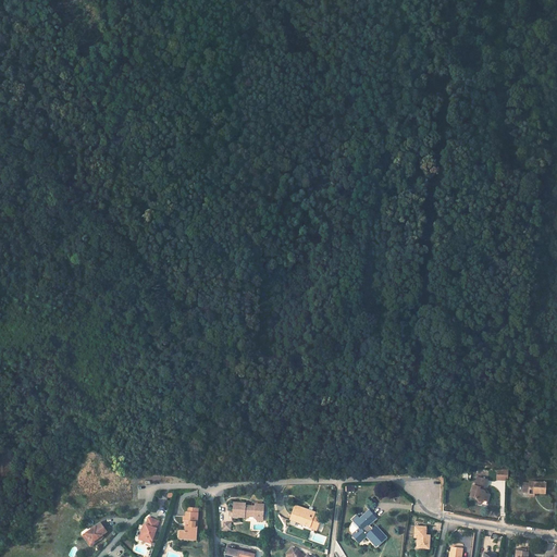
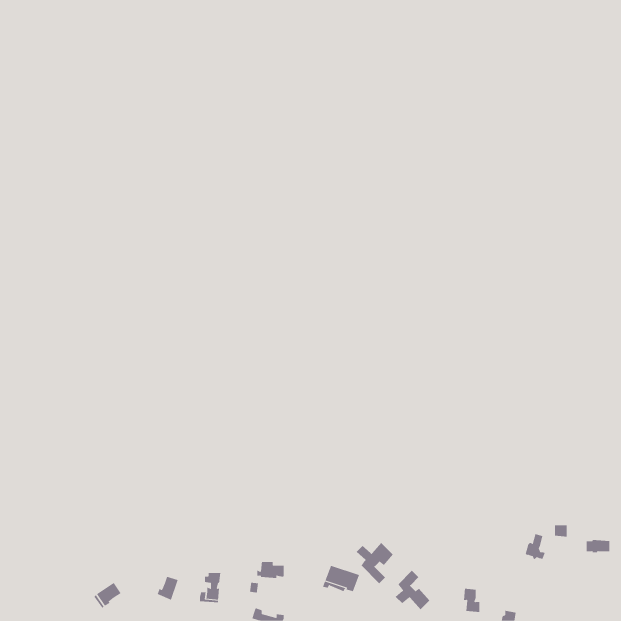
building: none -> [356,542,394,584]

